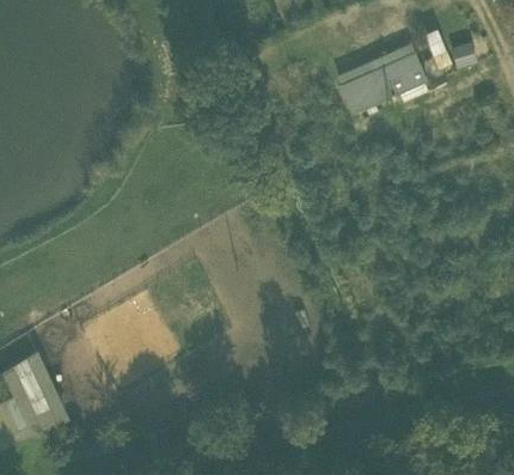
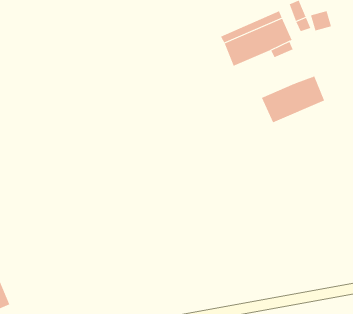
building: none -> [261,75,325,123]

